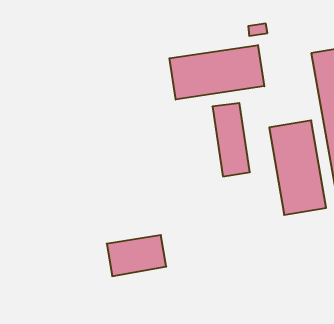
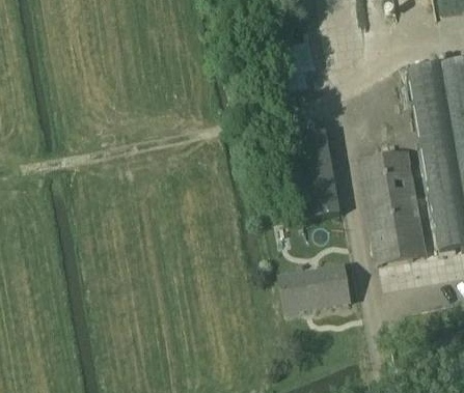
building: [169,45,264,100] -> none
building: [107,235,166,276] -> [280,264,351,313]

